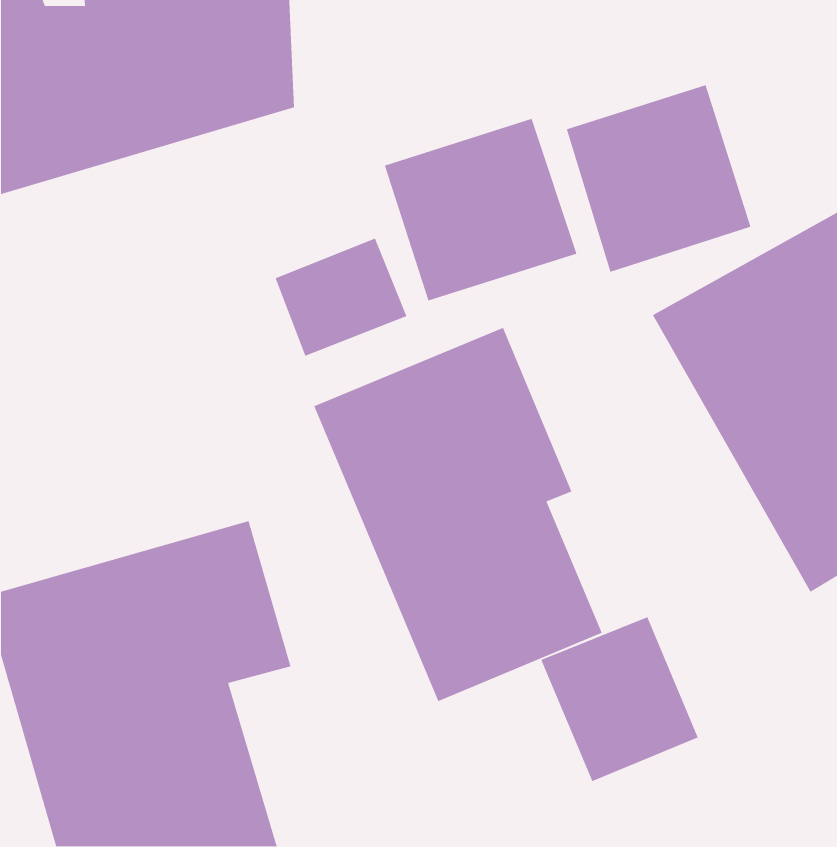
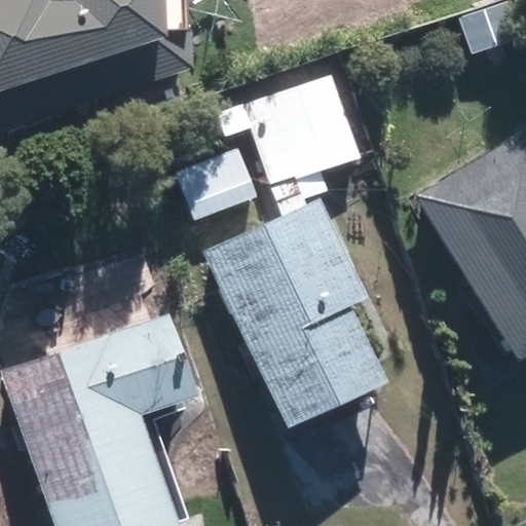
building: [566,84,751,273] -> none
building: [540,616,699,782] -> none

